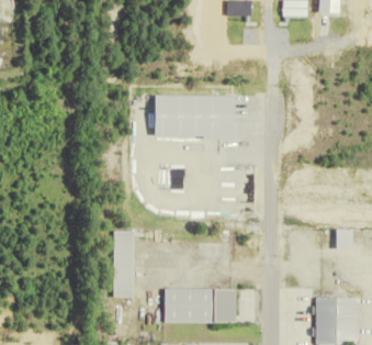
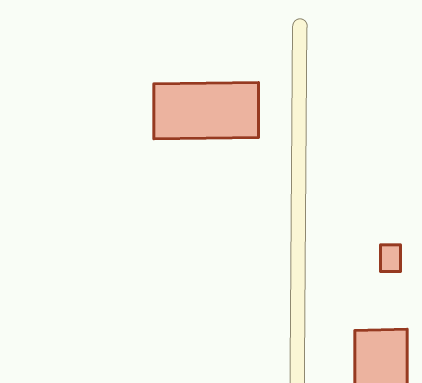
building: [112,230,133,297] -> none
building: [164,288,234,322] -> none

